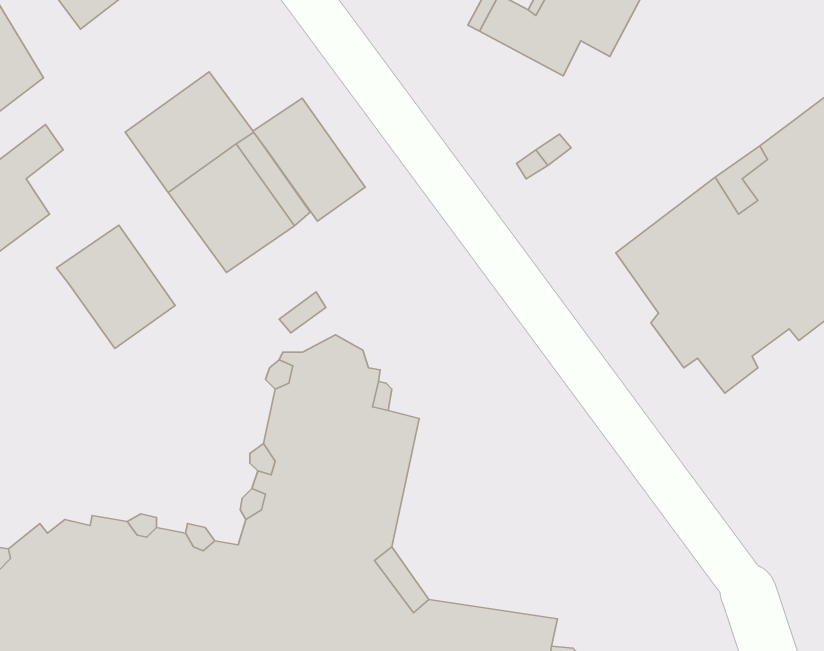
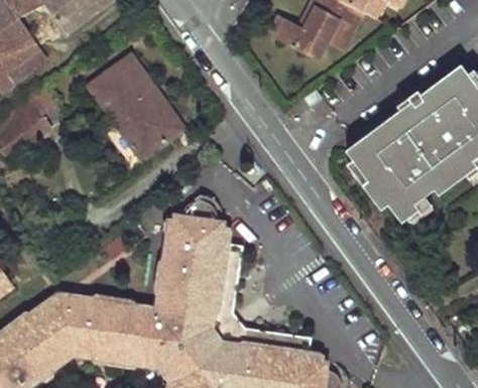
building: [253,98,365,221] -> none
building: [57,225,175,349] -> none

